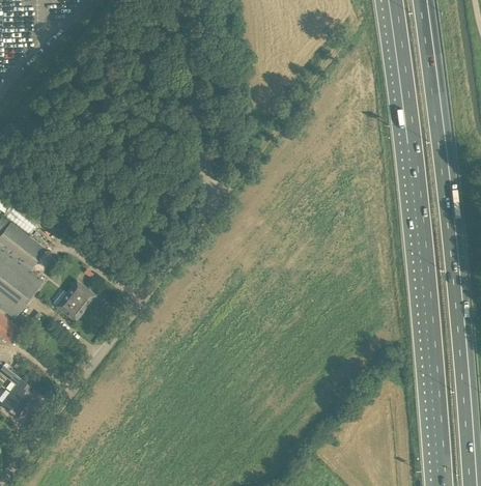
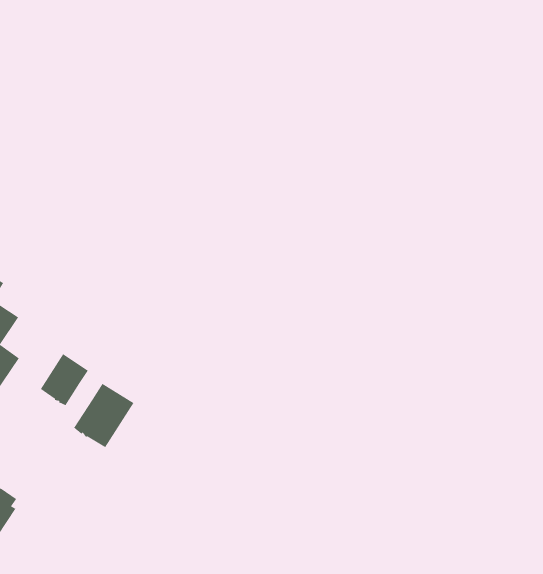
building: none -> [73,383,135,448]

